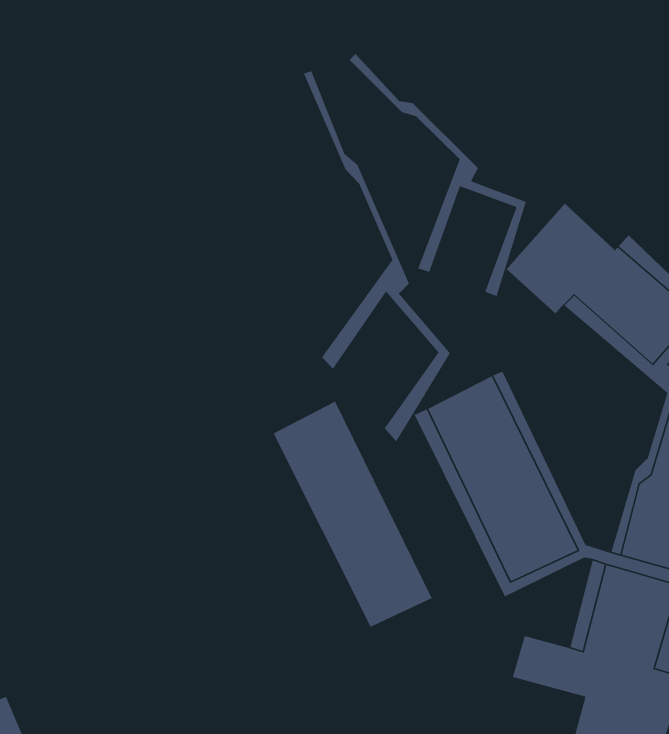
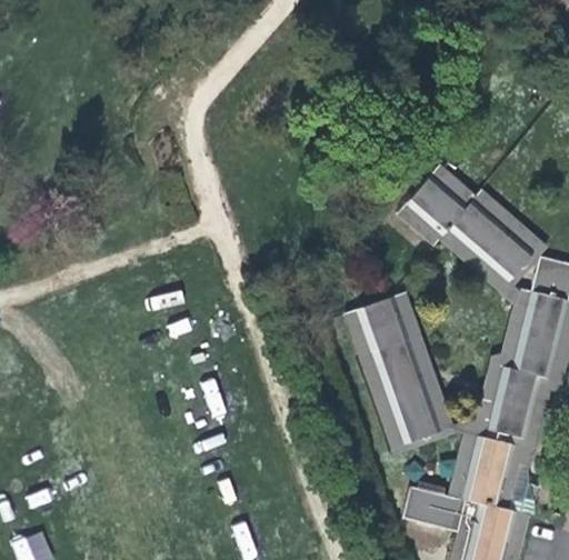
building: [349,53,527,297] -> none
building: [303,70,451,443] -> none
building: [272,400,433,628] -> none

